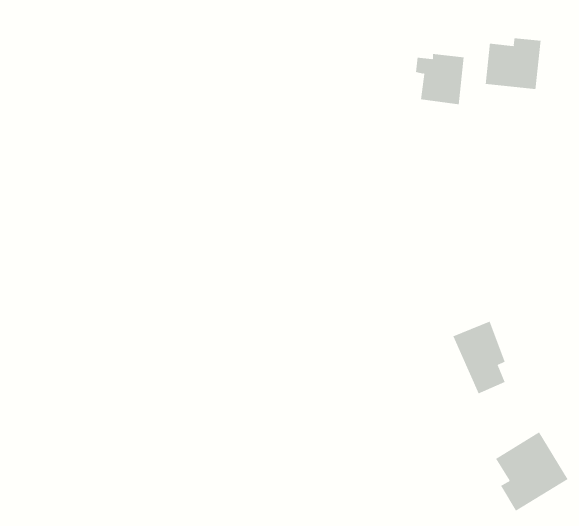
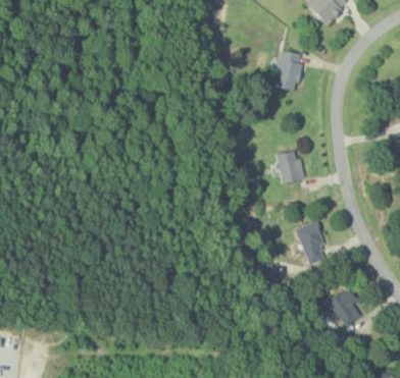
building: [485,37,541,90] -> none
building: none -> [276,150,304,183]

